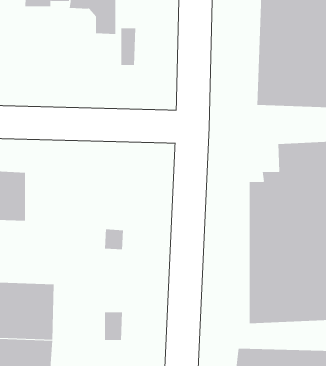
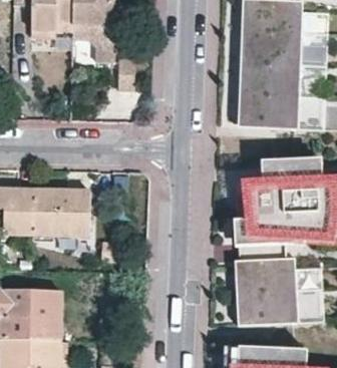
building: none -> [30,187,88,233]

